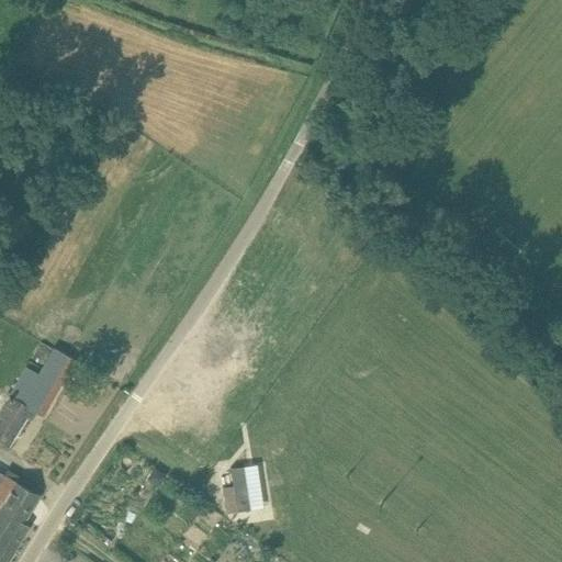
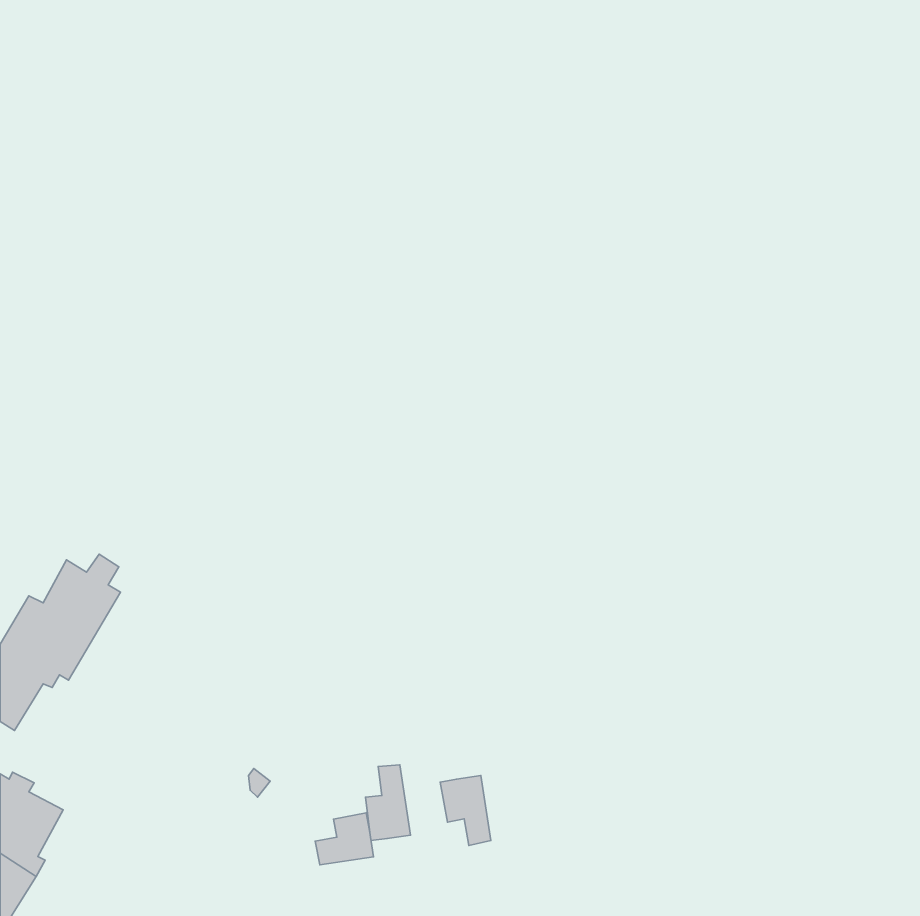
building: none -> [440,775,491,845]
building: none -> [315,813,373,865]

